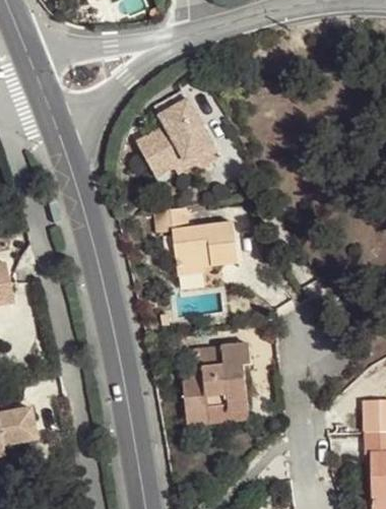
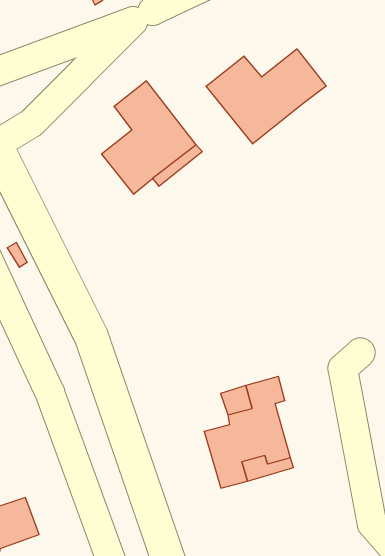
building: none -> [206,49,326,144]
building: [155,207,237,275] -> none

